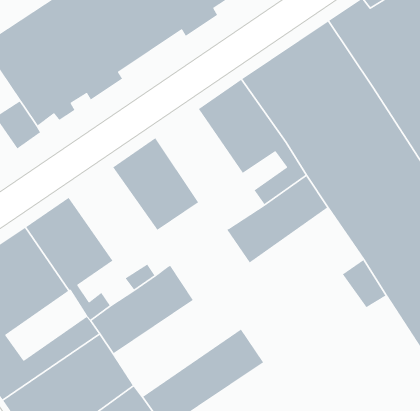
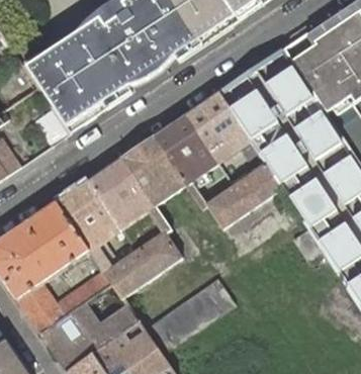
building: none -> [154,114,218,208]
building: none -> [89,158,170,231]

